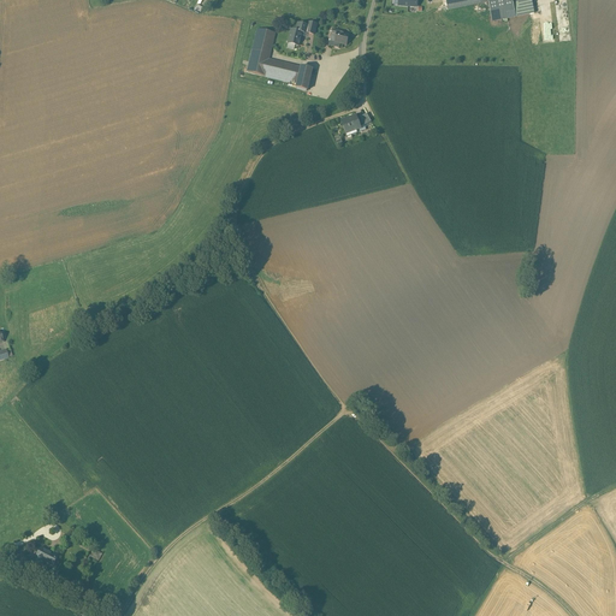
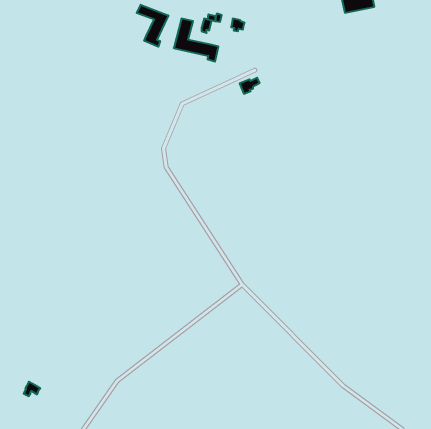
building: none -> [137,5,168,47]

